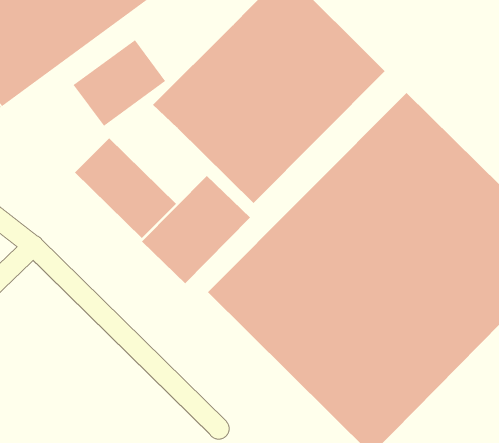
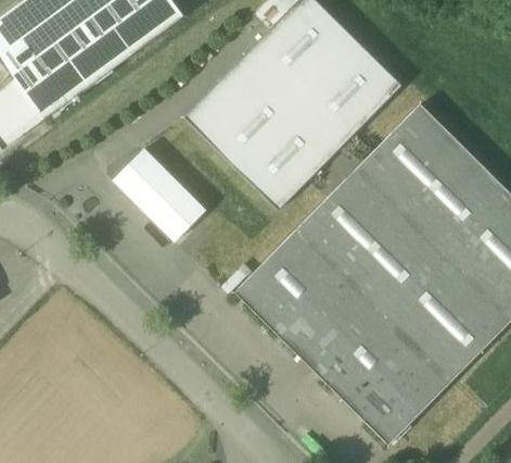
building: [73,39,166,127] -> none
building: [141,175,251,284] -> none

